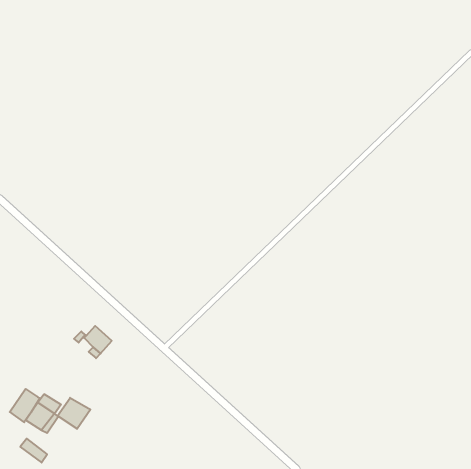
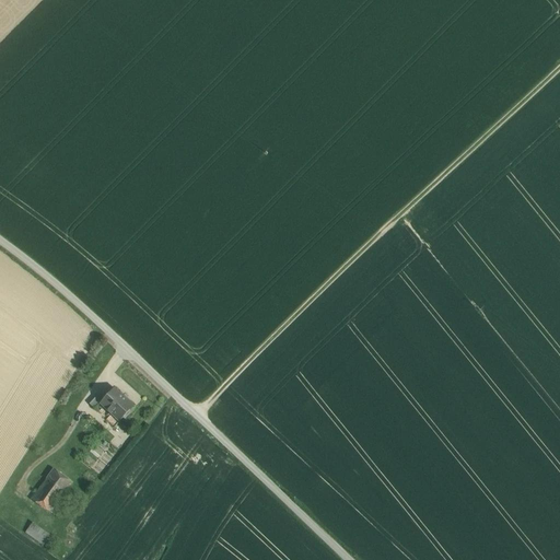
building: [10,389,40,422] -> none
building: [57,398,90,429] -> none

